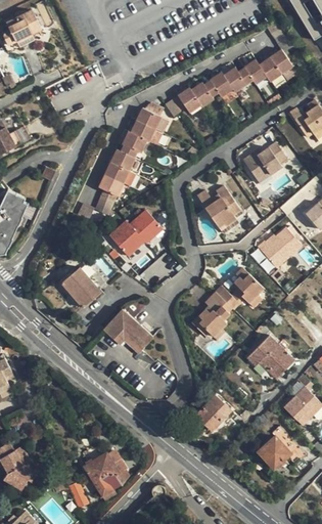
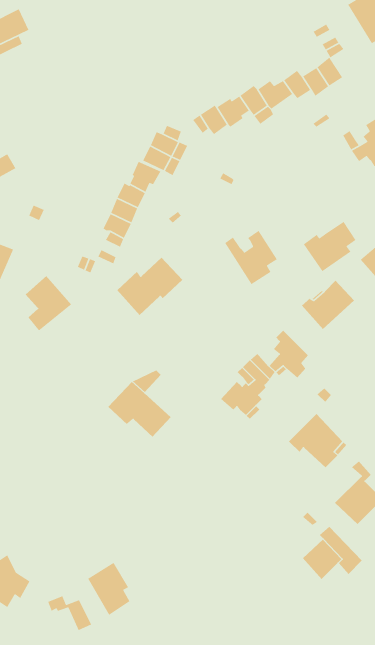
building: [242,142,285,183] -> [303,221,357,272]
building: [62,269,100,314] -> [25,275,72,332]
building: [196,396,230,430] -> none

